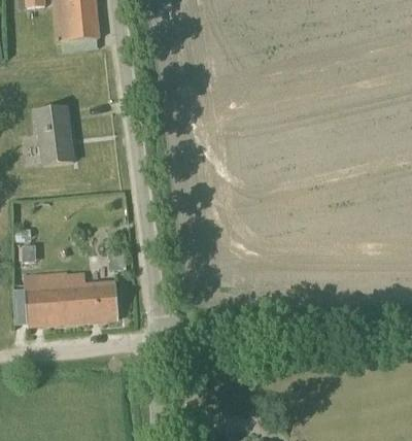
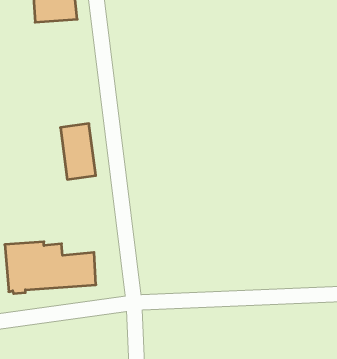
building: [36,106,73,165] -> [60,124,96,179]

